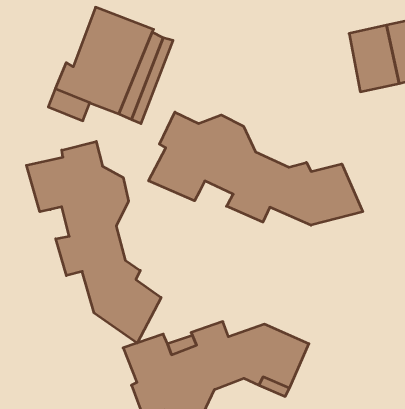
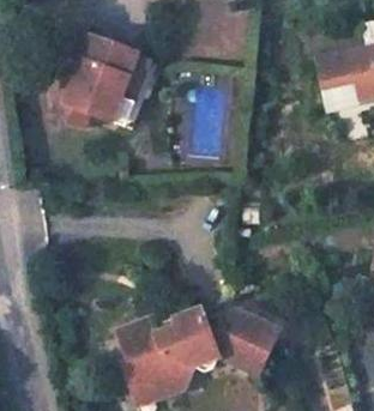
building: [149,112,363,225] -> none
building: [26,141,161,343] -> none

